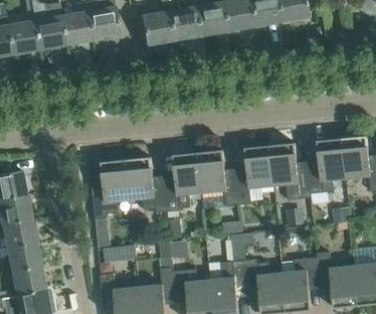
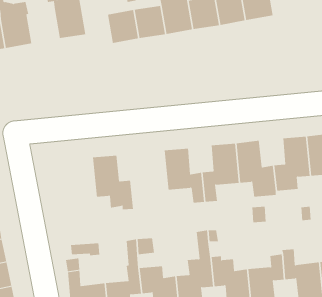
building: [60,10,92,44] -> none
building: [165,152,202,211] -> none
building: [91,159,130,218] -> none

